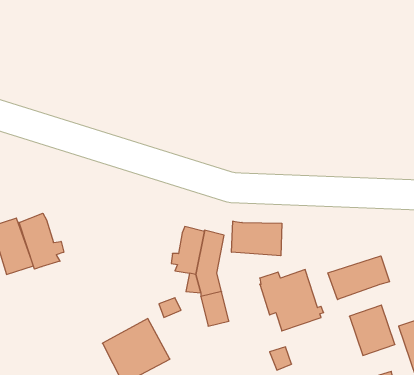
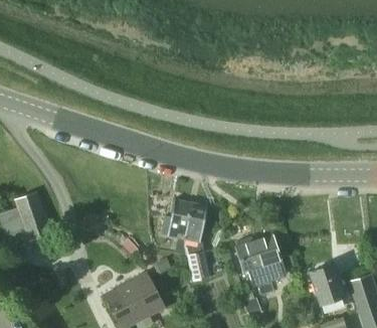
building: [19,213,64,269] -> none
building: [232,221,282,256] -> none
building: [328,256,390,300] -> none

